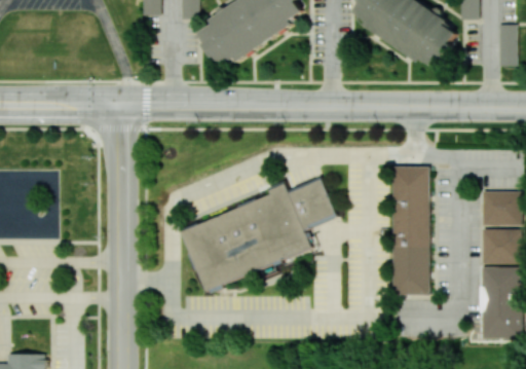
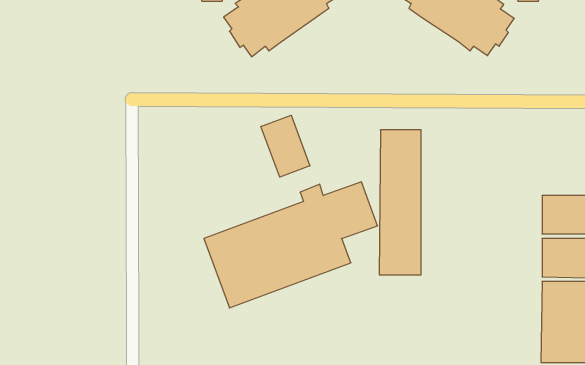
building: [497,25,516,67] -> none
building: none -> [261,115,310,177]
building: [391,167,428,295] -> [379,130,421,275]

